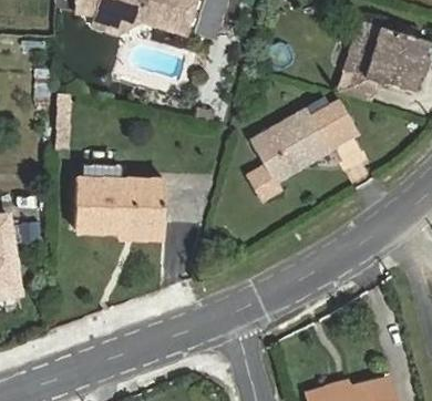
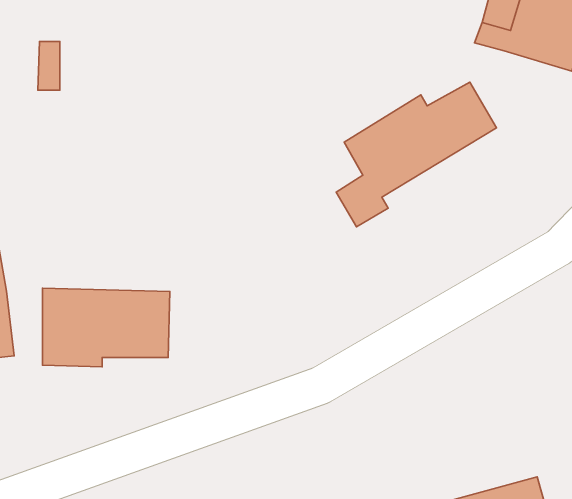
building: [74,176,164,232] -> [42,288,170,367]

